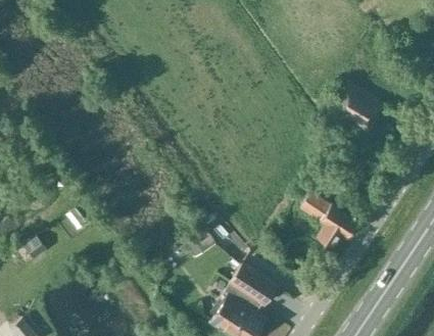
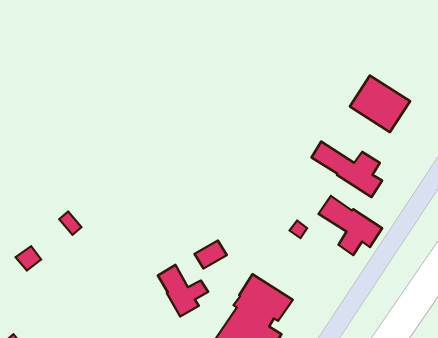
building: none -> [311,141,382,197]
building: none -> [158,265,208,316]

